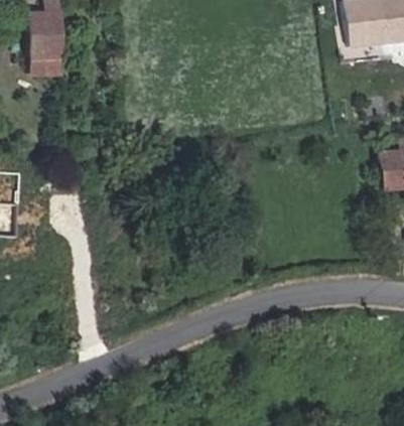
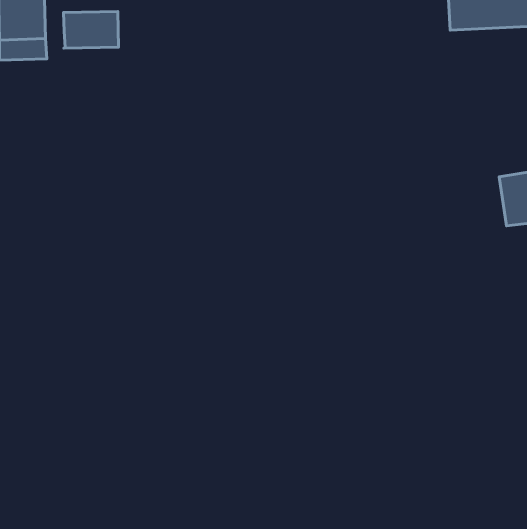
building: none -> [63,11,118,48]

